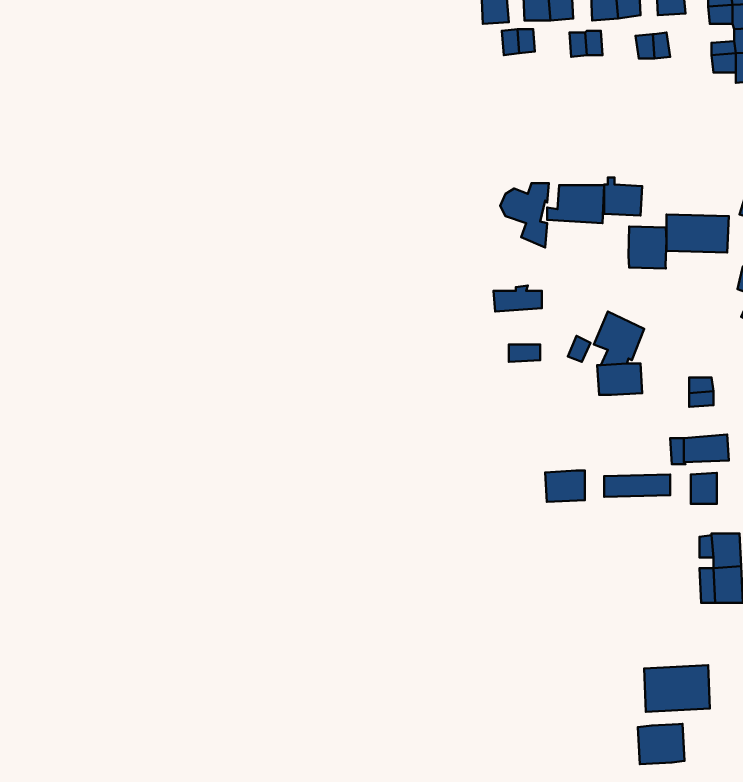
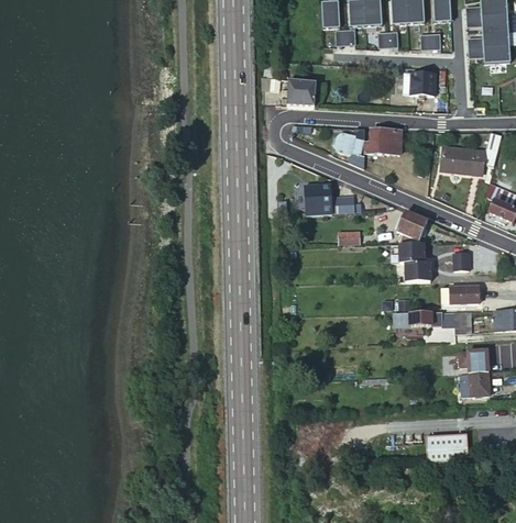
building: none -> [287,80,314,107]
building: [604,178,642,216] -> [408,69,432,93]
building: [629,226,667,268] -> none
building: none -> [303,185,331,216]
building: [545,471,585,502] -> [405,262,430,281]
building: [638,724,684,764] -> none

